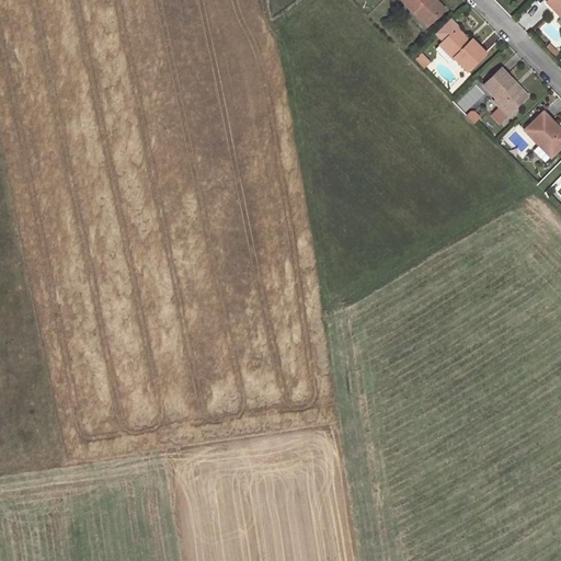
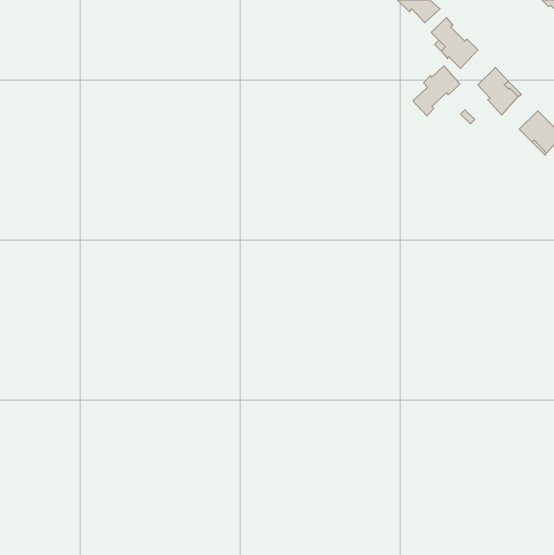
building: none -> [413,66,460,116]

